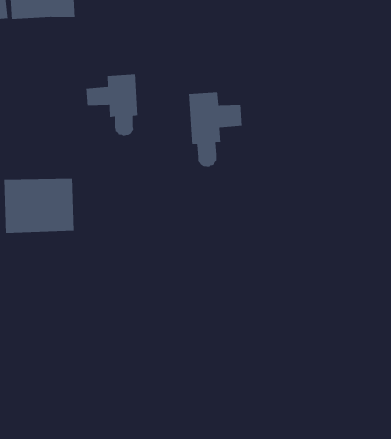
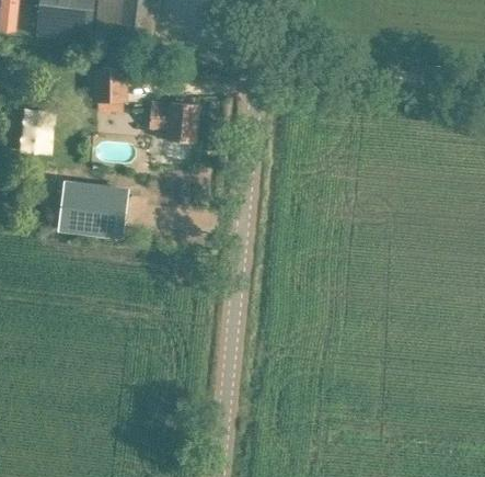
building: none -> [95,67,125,99]
building: [188,92,242,167] -> none

